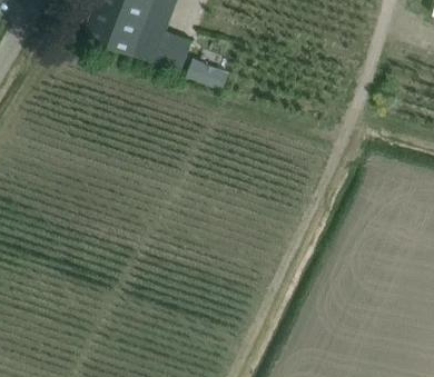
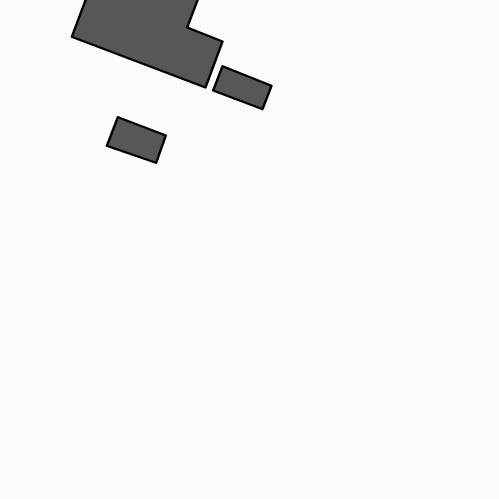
building: none -> [107,117,166,163]

